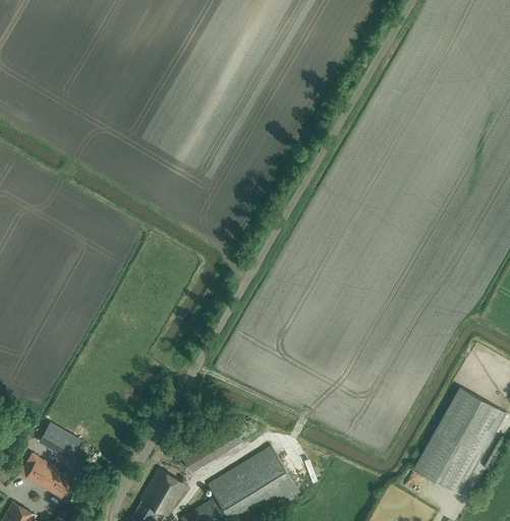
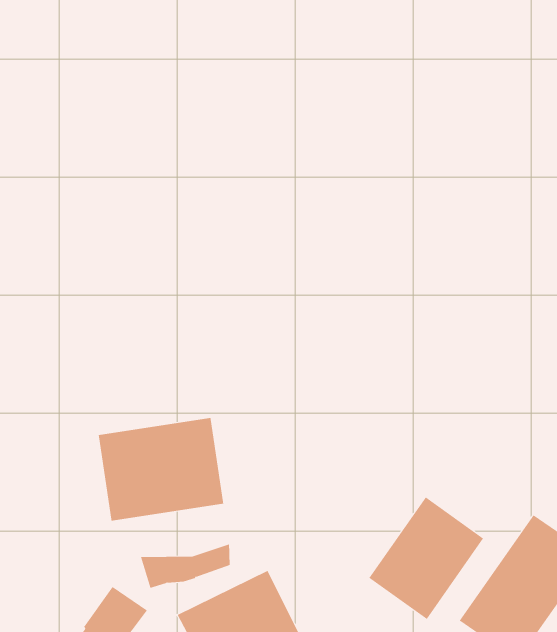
building: none -> [98,417,224,522]
building: none -> [368,497,484,620]

